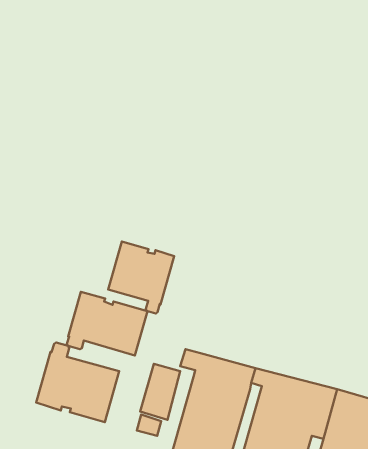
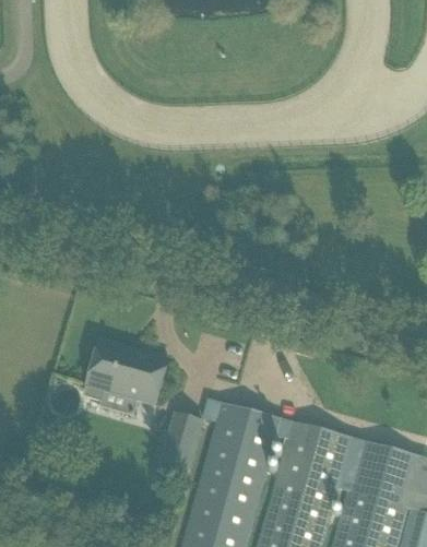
building: [108,241,174,314] -> none
building: [36,342,119,422] -> none

